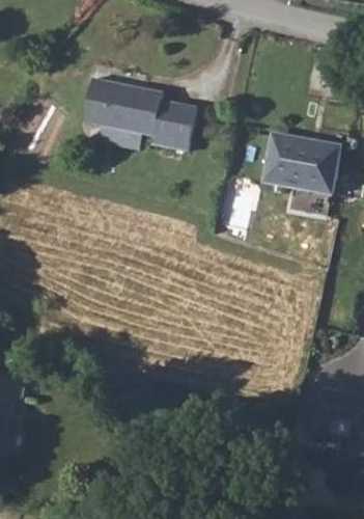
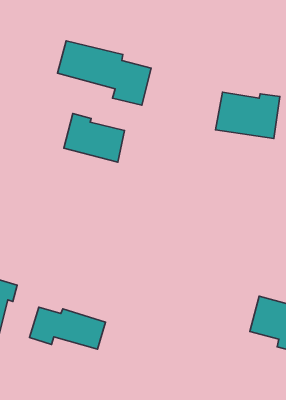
building: none -> [64,114,125,162]
building: none -> [30,307,105,349]

